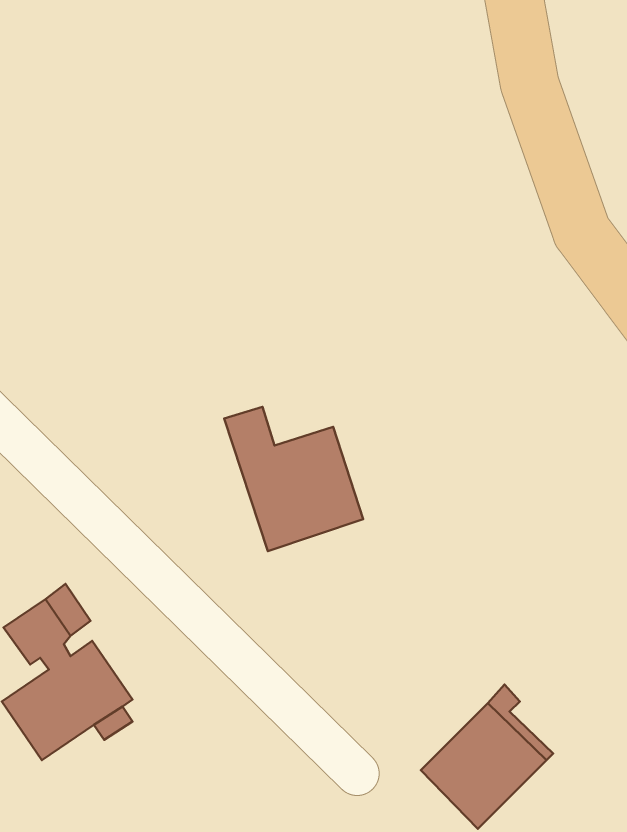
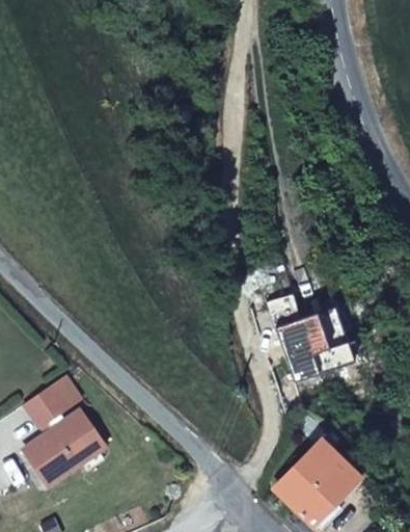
building: [224,407,363,551] -> [270,293,356,382]

